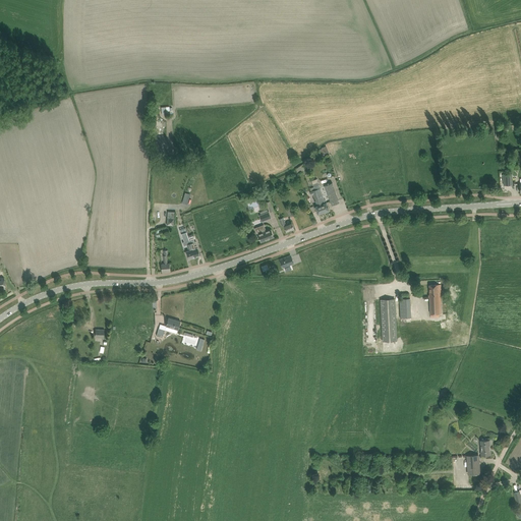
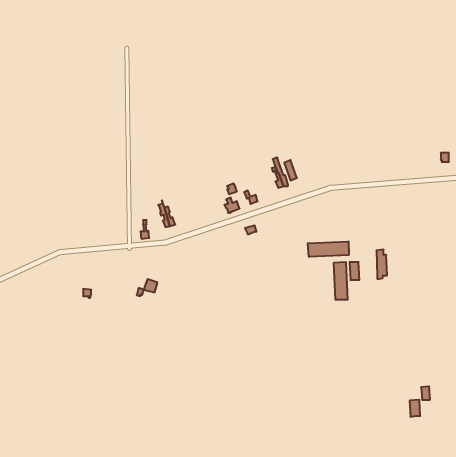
building: none -> [308,241,349,257]

